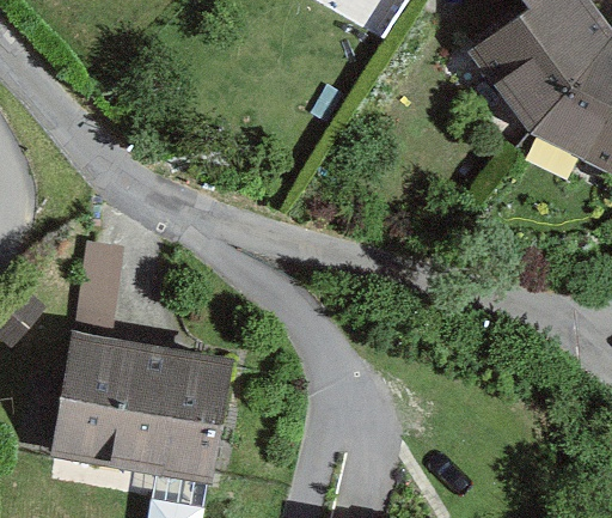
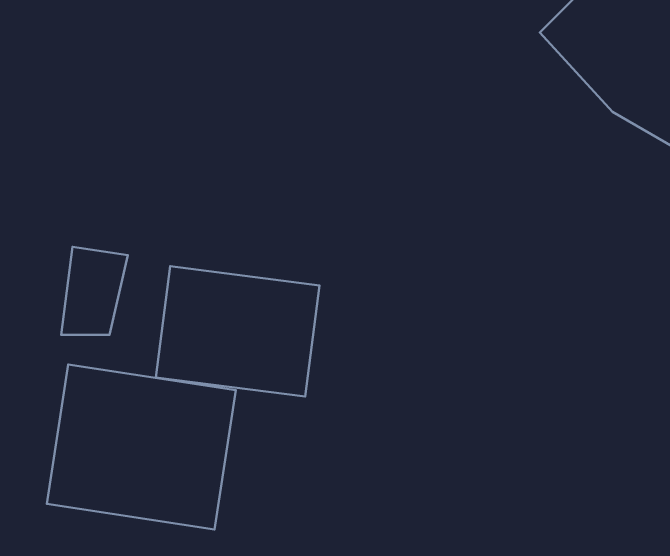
building: none -> [156,266,319,397]

